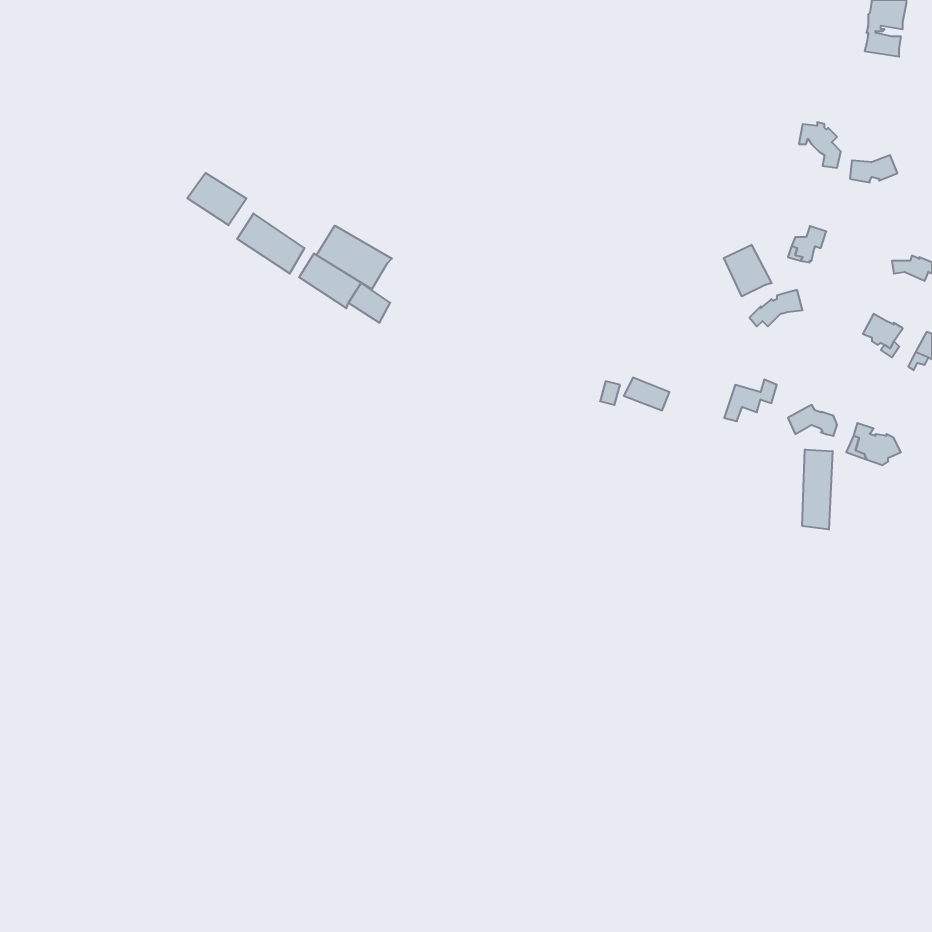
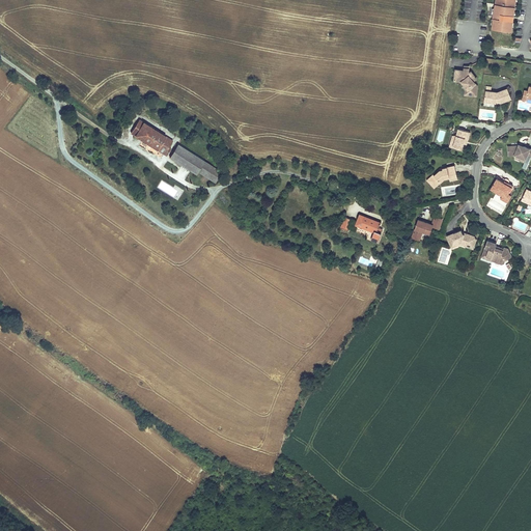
building: [187,173,246,225] -> none
building: [317,226,392,289] -> none
building: [724,245,772,296] -> none
building: [802,449,833,530] -> none

